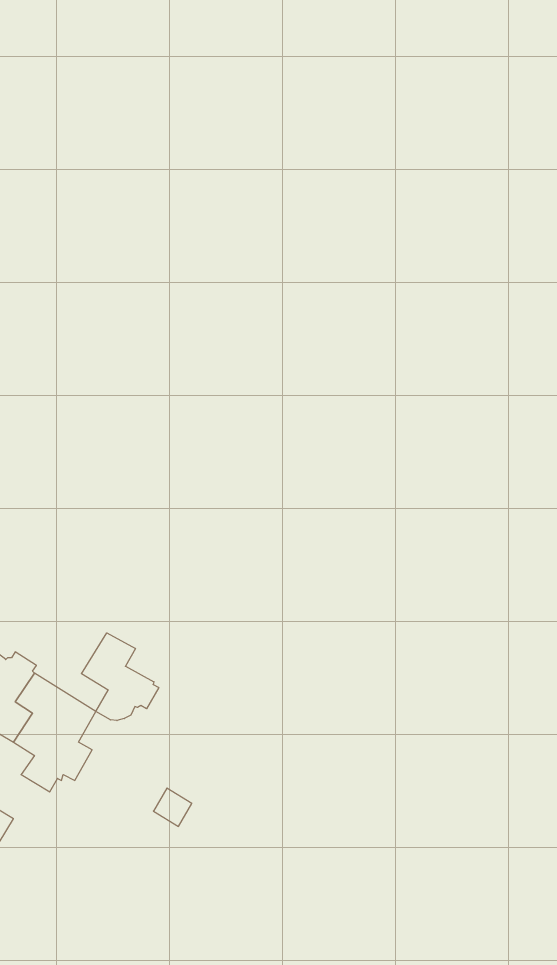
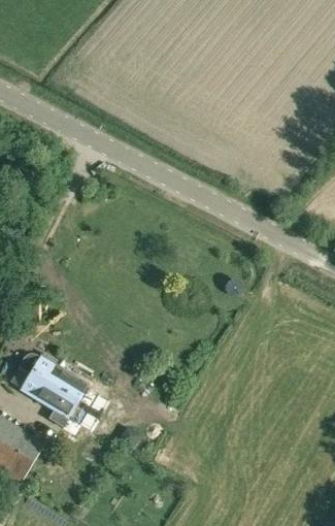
building: [81,633,159,721] -> none

